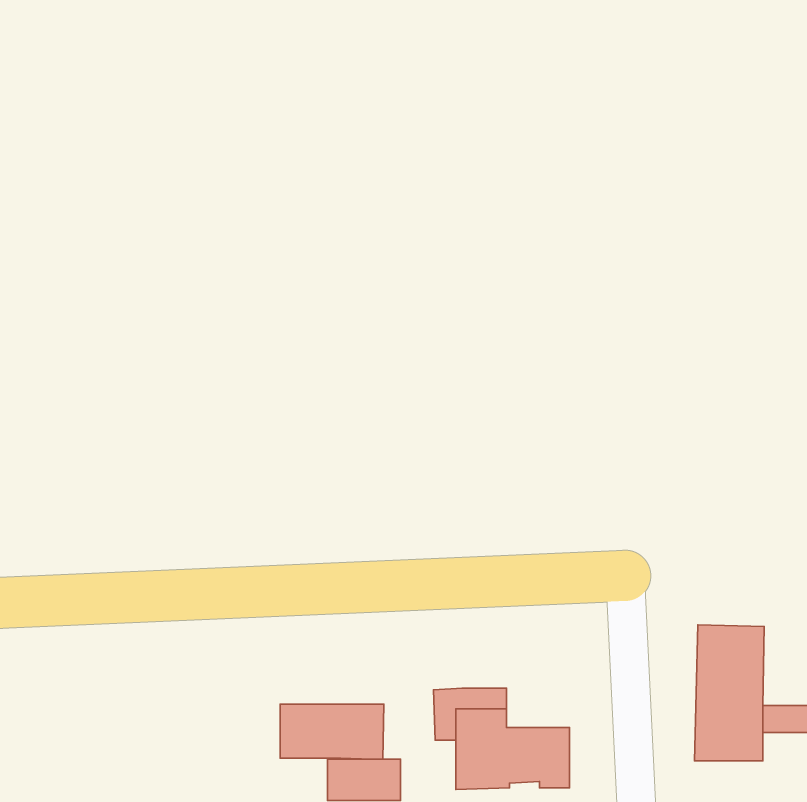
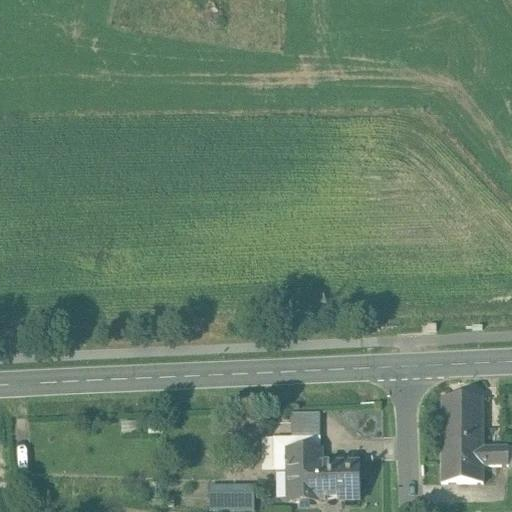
building: none -> [293,411,321,435]
building: [280,704,384,759] -> none

